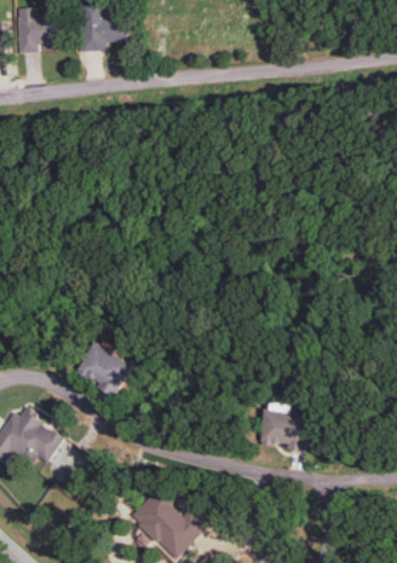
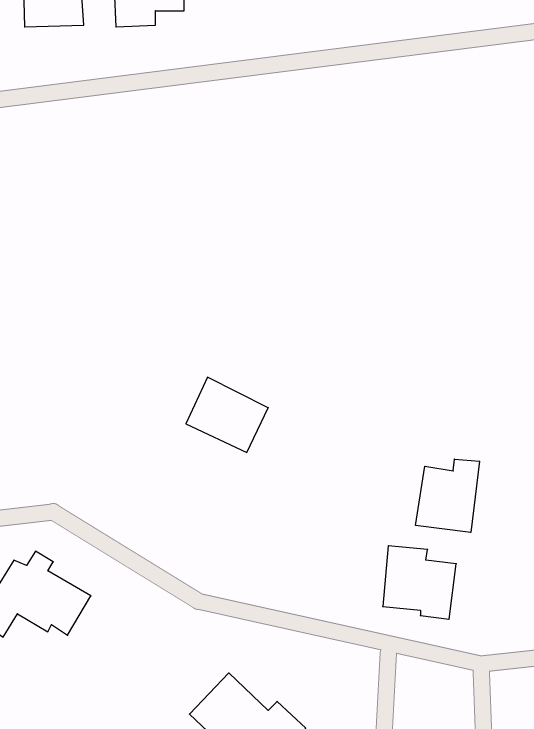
building: [76,342,132,393] -> [186,377,268,452]
building: none -> [416,459,480,532]

